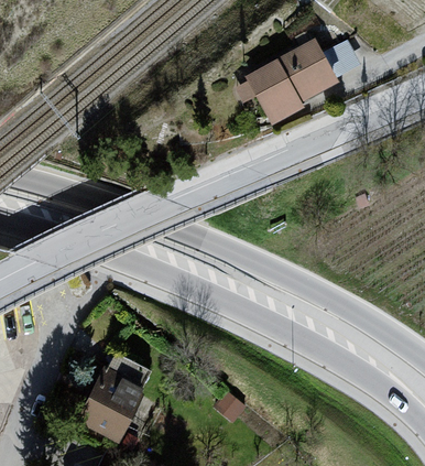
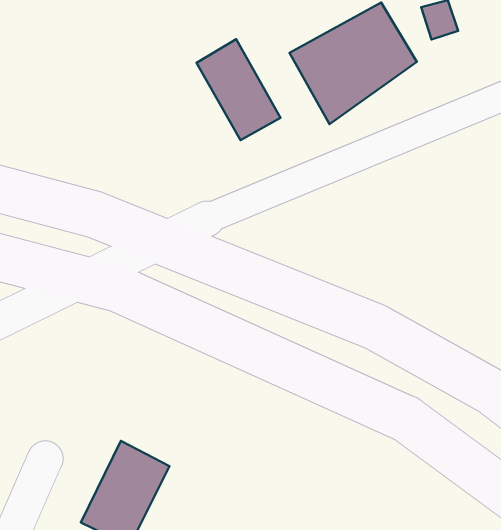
building: none -> [197,39,281,140]

